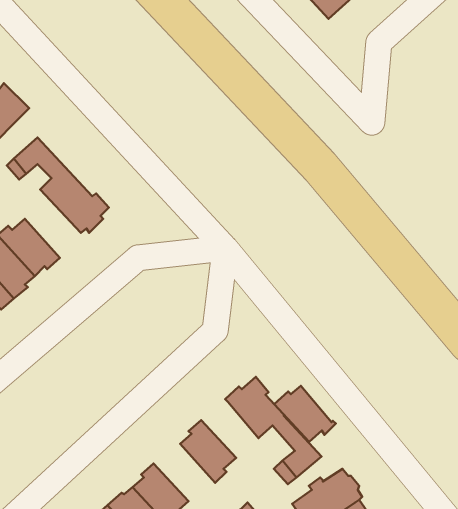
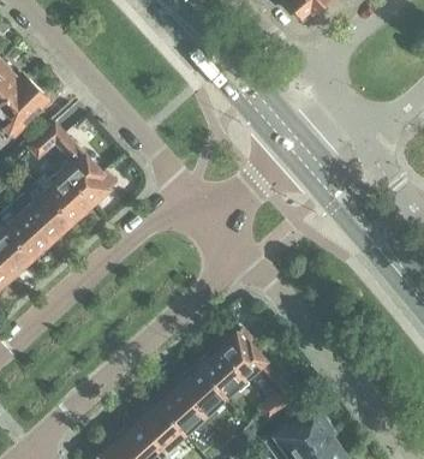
building: none -> [42,167,90,226]
building: [274,386,336,442] -> [193,350,246,398]
building: none -> [153,386,205,435]

